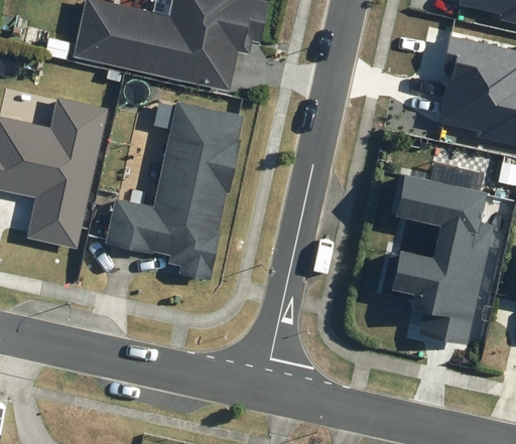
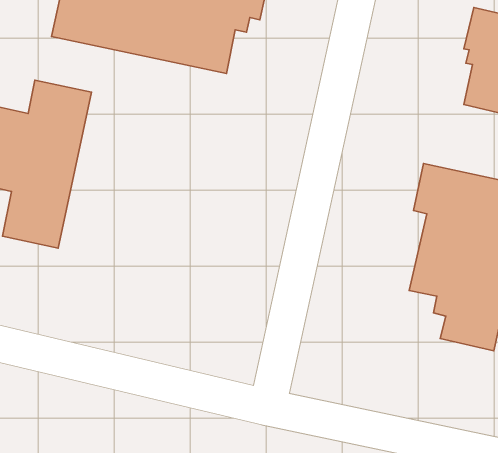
building: [102,101,241,280] -> none

